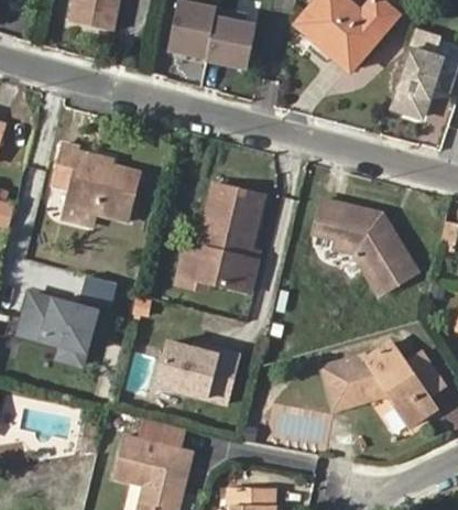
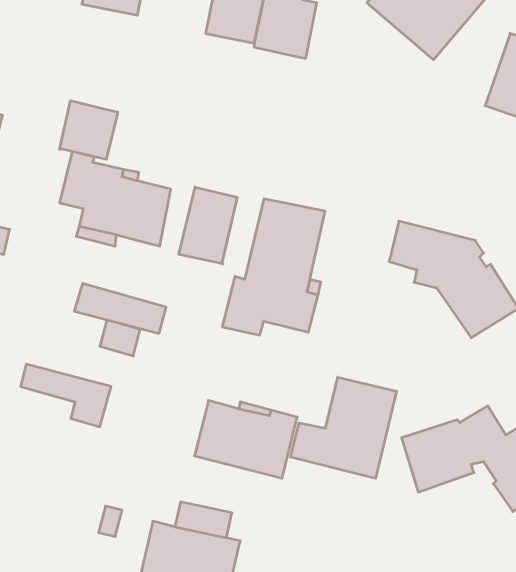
building: none -> [60,101,118,159]
building: none -> [179,187,237,264]
building: [25,291,98,330] -> [74,283,166,333]
building: none -> [290,377,397,478]

